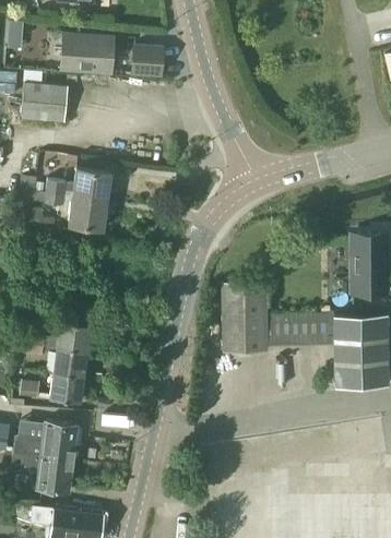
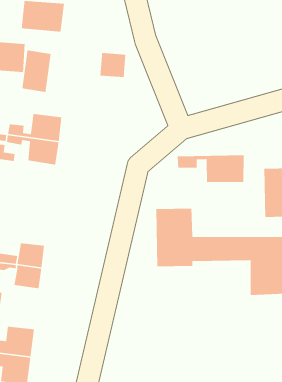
building: [130,45,162,75] -> [100,52,126,78]
building: none -> [21,50,52,93]
building: none -> [177,155,245,183]
building: [49,373,82,404] -> none

